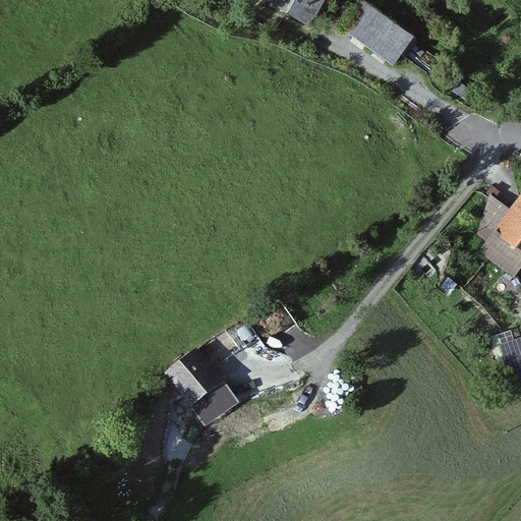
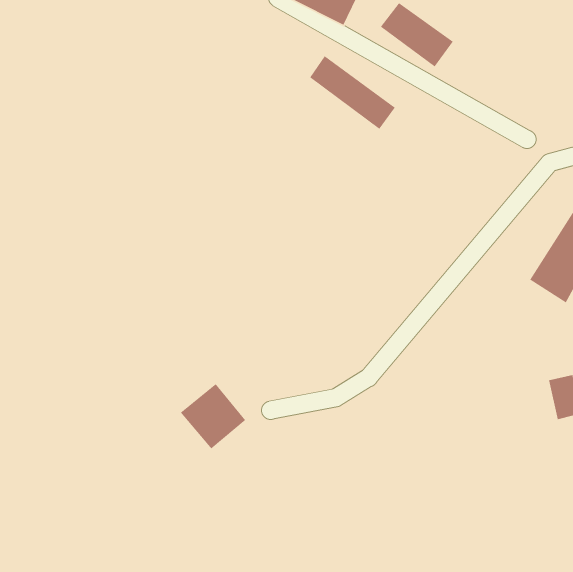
building: none -> [309,55,396,130]
building: [192,381,239,425] -> none

